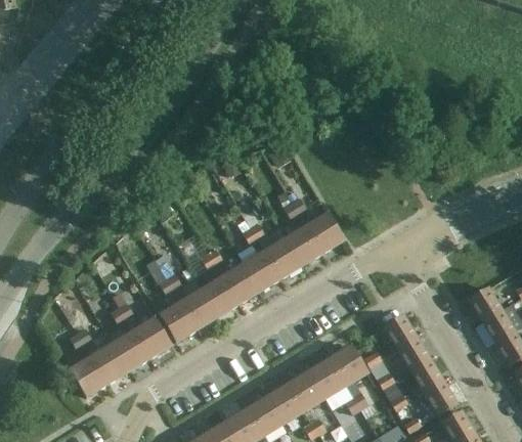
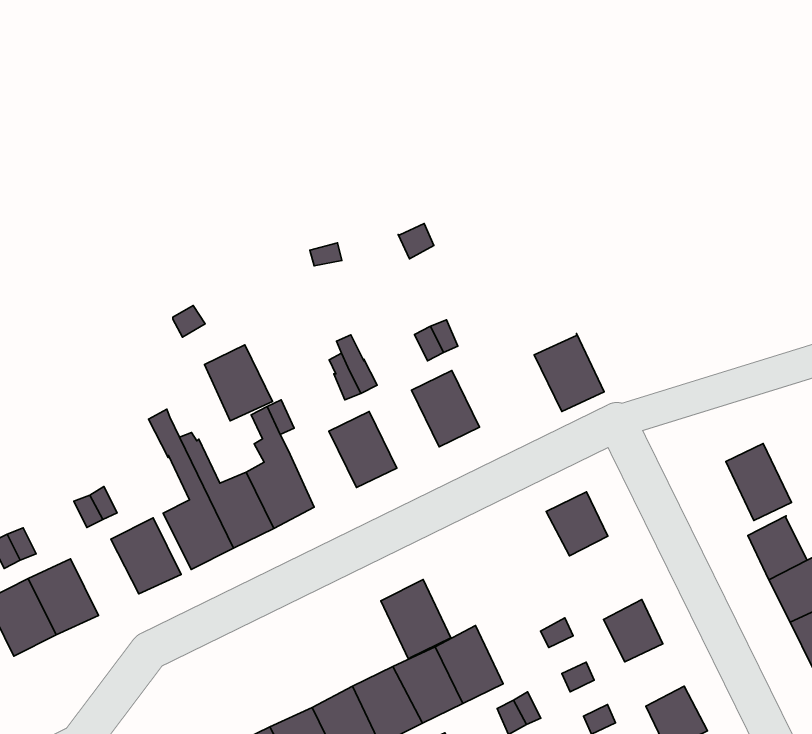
building: [304,211,343,253] -> [534,334,604,411]
building: [262,236,301,278] -> none
building: none -> [726,443,791,521]
building: [221,262,259,303] -> [204,345,273,421]
building: [382,314,416,349] -> [546,492,608,556]
building: [111,329,148,370] -> none
building: [329,345,367,388] -> [381,579,451,659]
building: [409,359,442,393] -> none

